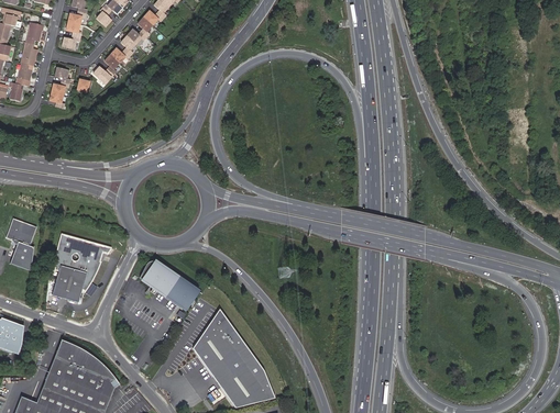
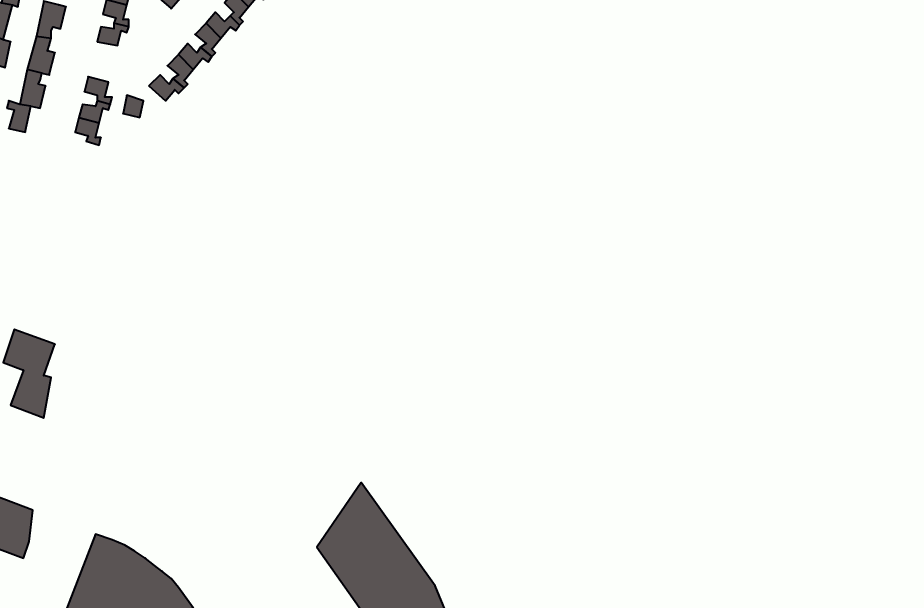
building: [52,233,111,301] -> none
building: [139,260,197,309] -> none

